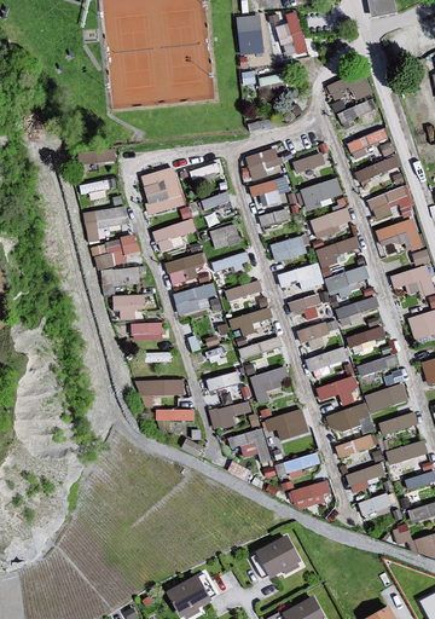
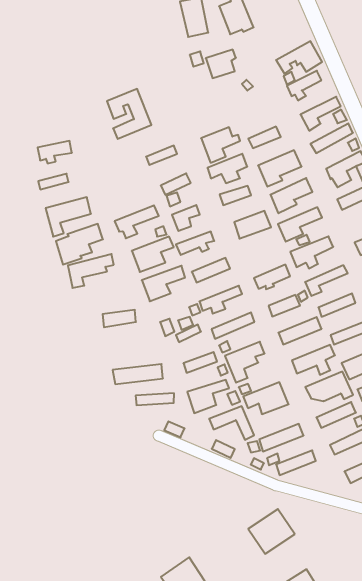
building: [141,167,184,215] -> [107,89,151,139]
building: [278,264,324,291] -> none
building: [111,294,146,319] -> none

